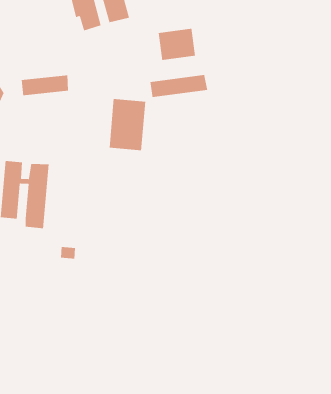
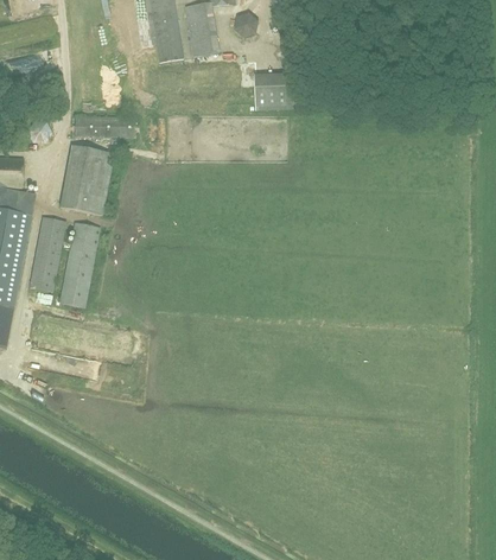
building: [150,74,208,98] -> none
building: [109,99,146,151] -> [59,144,113,214]

